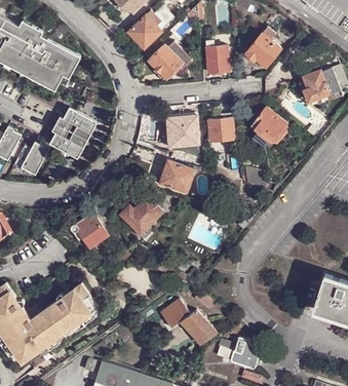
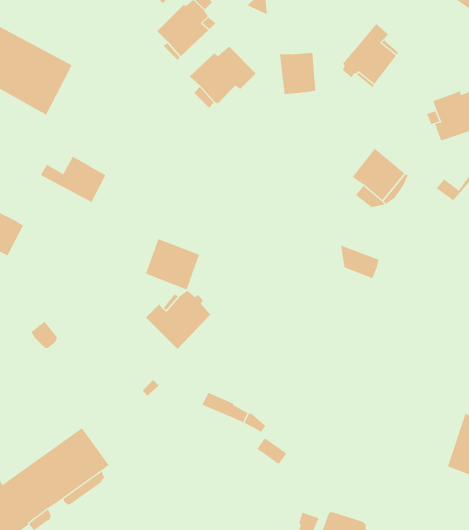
building: [207,113,233,142] -> none
building: [165,116,199,148] -> none
building: [50,124,86,160] -> none
building: [159,160,194,193] -> [145,238,200,290]
building: [71,210,108,247] -> none
building: [159,300,216,345] -> none

